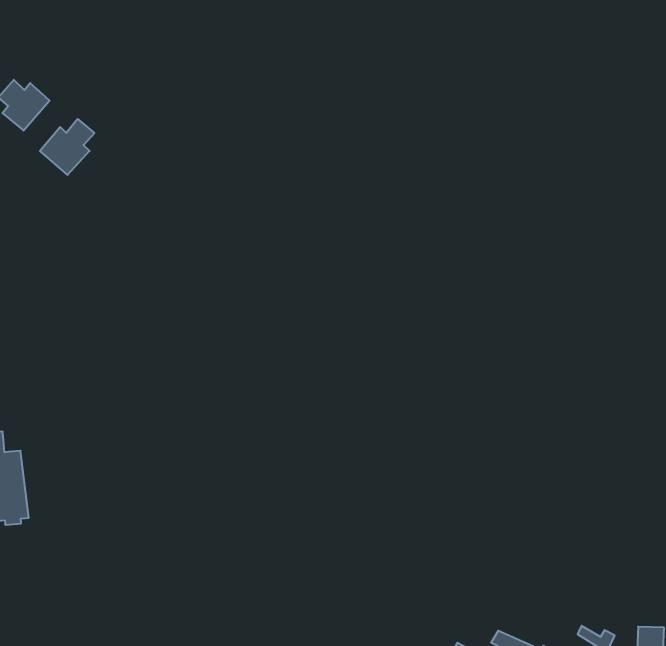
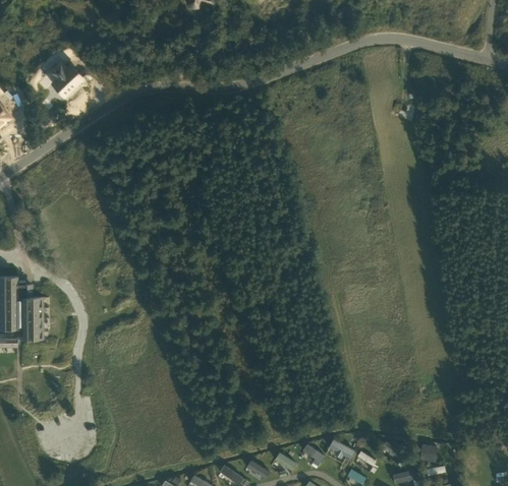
building: [40,119,94,175] -> none

